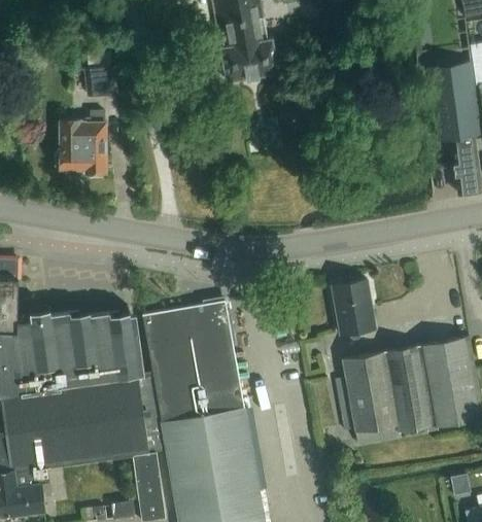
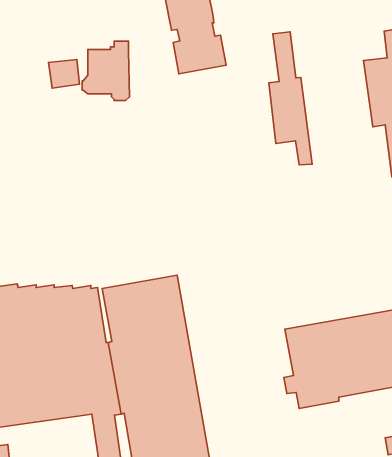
building: none -> [269,32,312,165]
building: [56,112,107,177] -> [82,41,129,101]
building: [333,281,376,336] -> none

